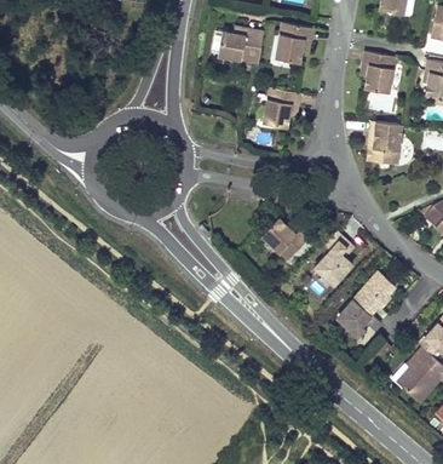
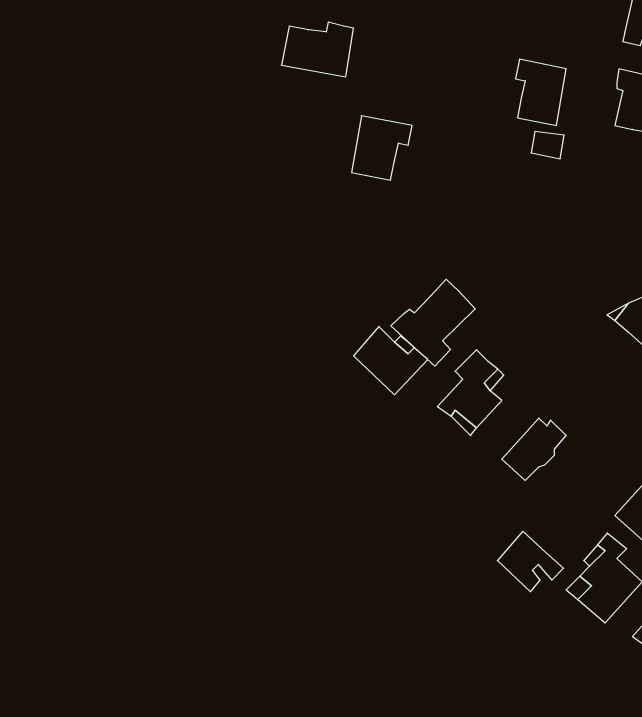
building: [275,23,312,63] -> none
building: [367,122,403,165] -> none
building: none -> [391,279,475,366]
building: [339,302,380,339] -> [497,531,564,592]

